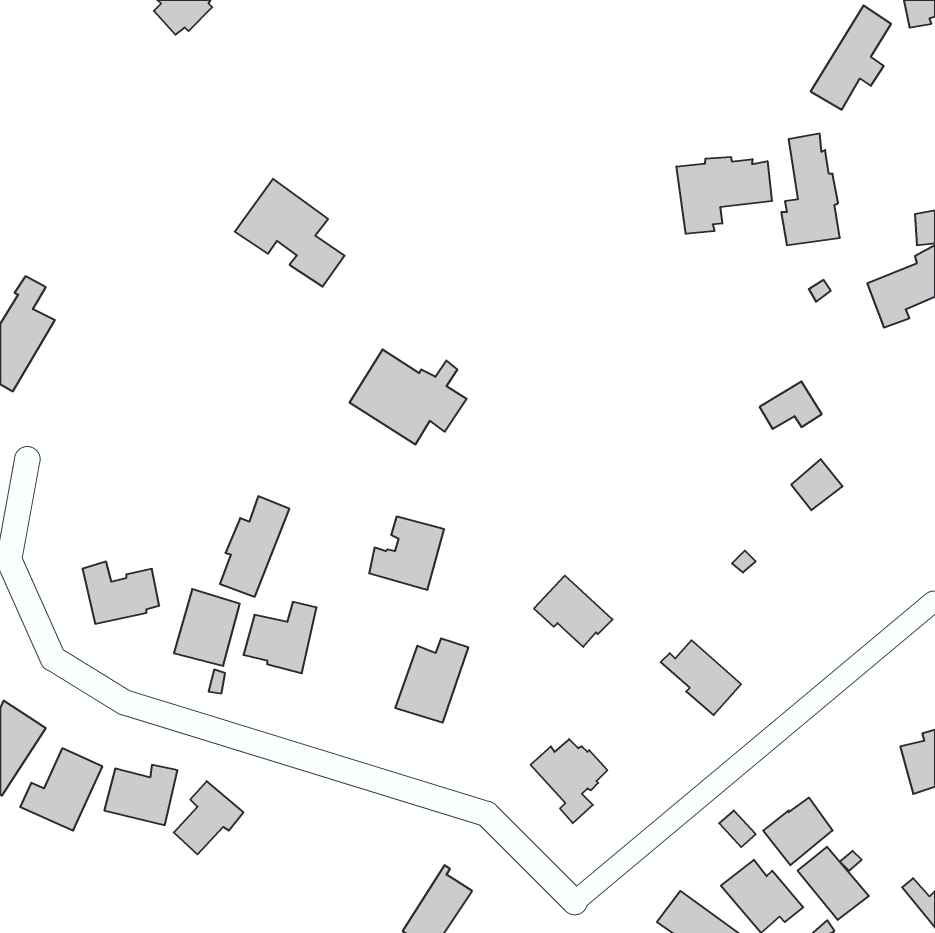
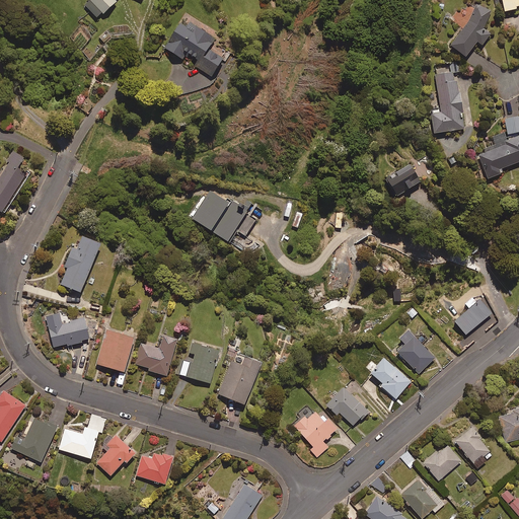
building: [677,157,772,234] -> none
building: [235,179,345,287] -> [165,21,226,81]
building: [760,381,822,429] -> [388,168,423,195]
building: [791,459,843,510] -> [462,297,491,325]
building: [220,496,289,597] -> [61,234,99,290]
building: [369,517,444,590] -> [177,342,219,382]
building: [534,576,613,647] -> [325,385,369,425]
building: none -> [395,327,435,372]
building: none -> [136,450,172,484]
building: [798,847,869,920] -> [454,427,494,467]

